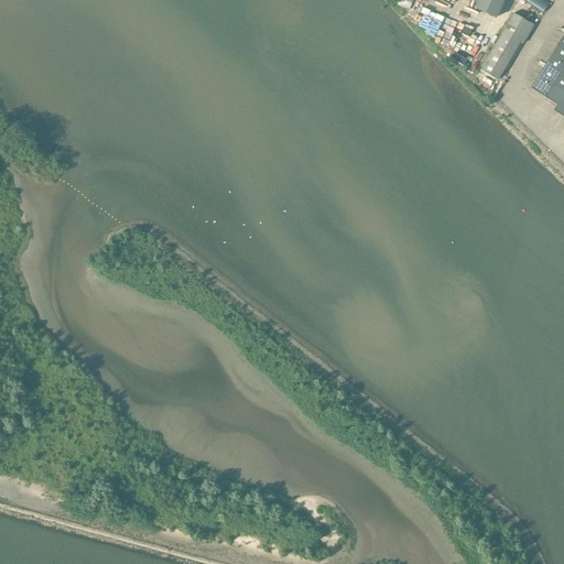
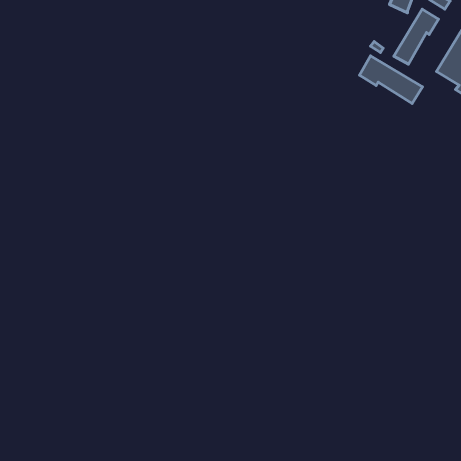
building: none -> [359,56,423,103]

